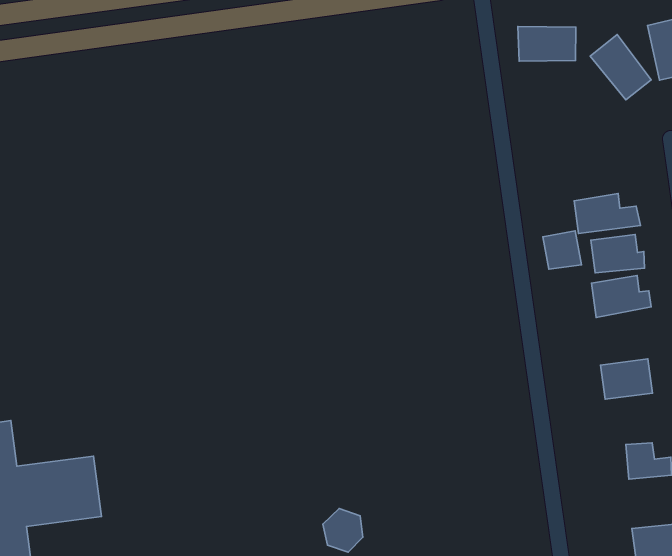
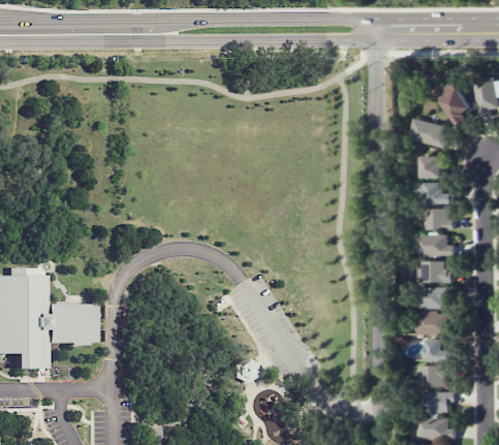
building: [518,26,576,61] -> [410,120,448,146]
building: [543,231,581,269] -> [422,156,443,178]
building: none -> [425,261,456,283]
building: none -> [417,312,448,333]
building: none -> [418,365,446,387]

